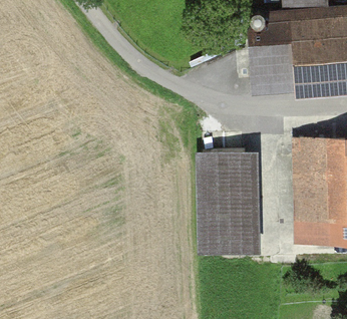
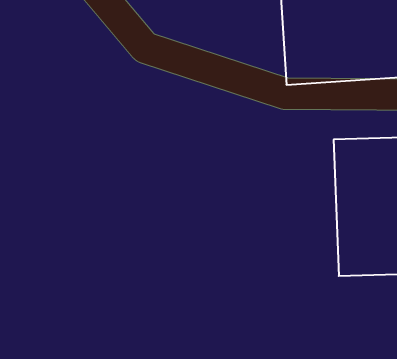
building: [196,152,259,251] -> none

